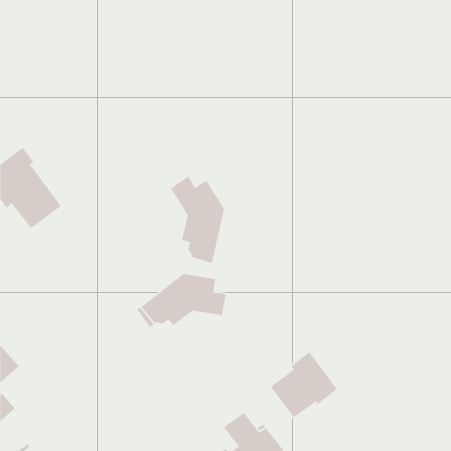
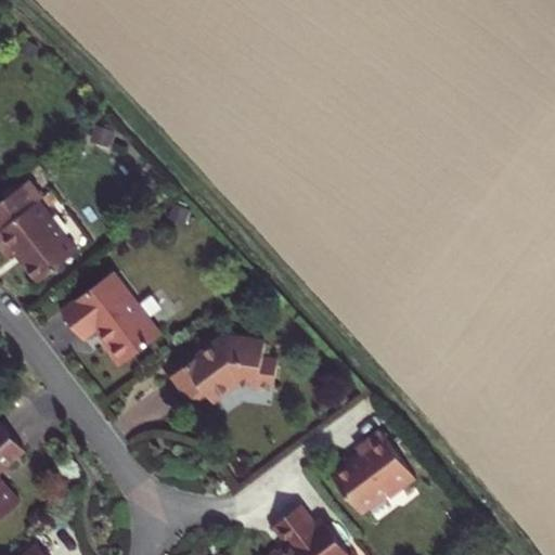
building: [170,176,225,264] -> none
building: none -> [61,272,160,366]

